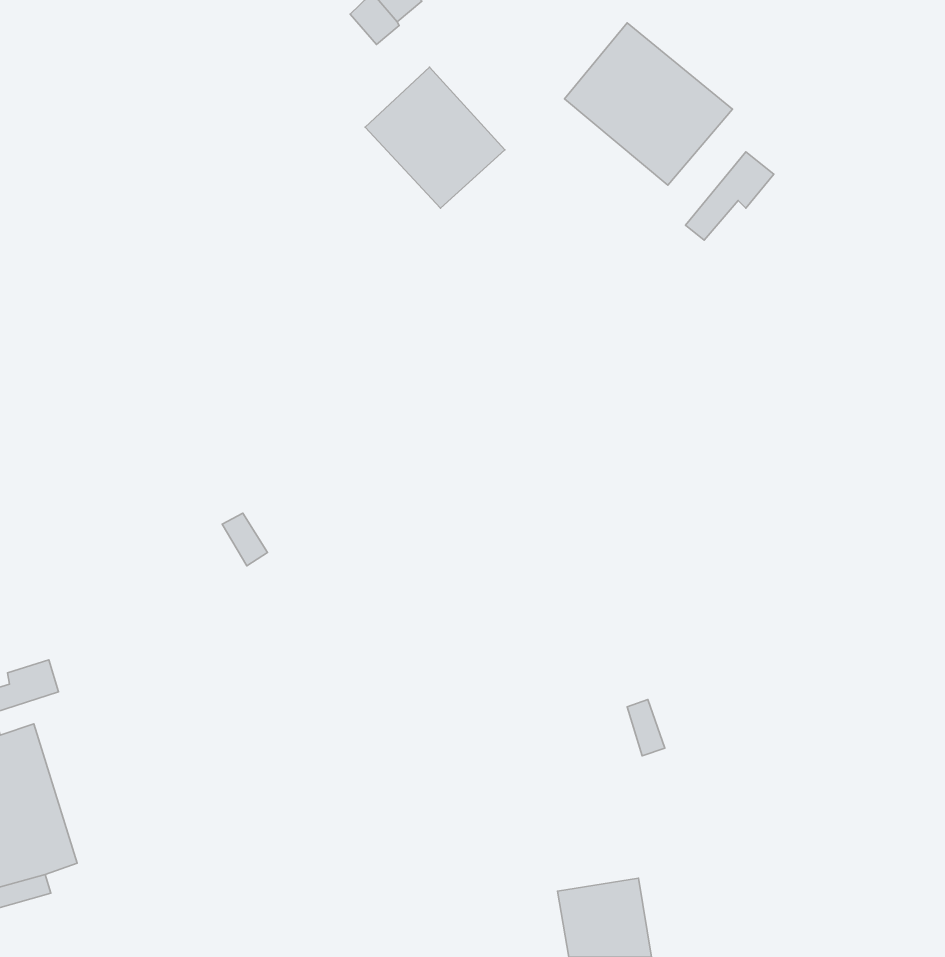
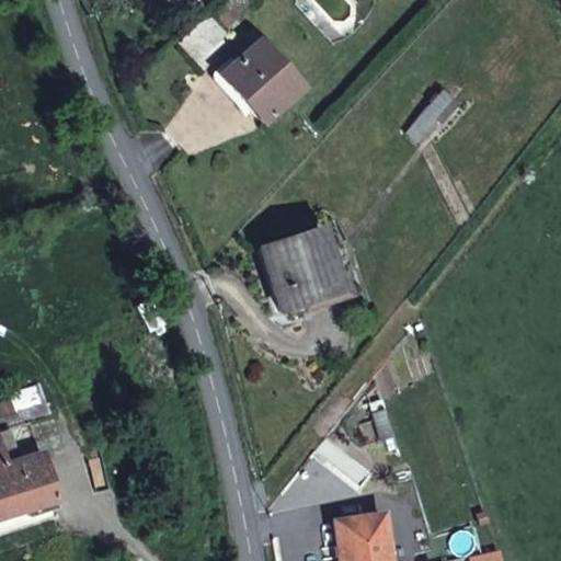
building: [565,23,733,185] -> none
building: none -> [262,226,343,310]

